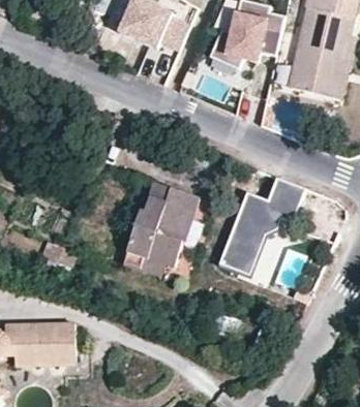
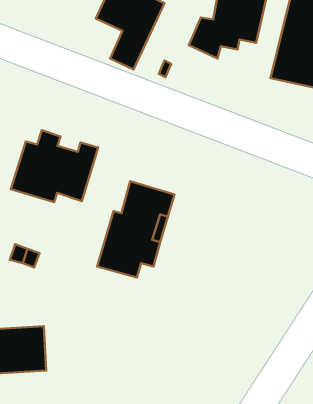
building: none -> [11,130,98,202]
building: [216,175,314,283] -> none

